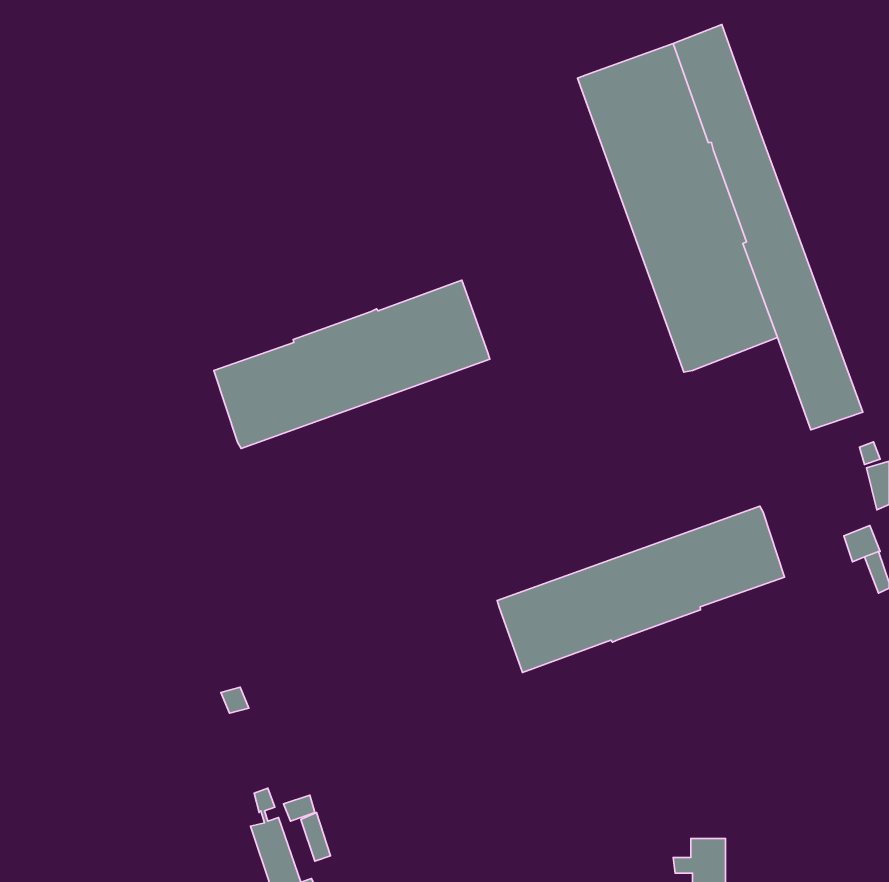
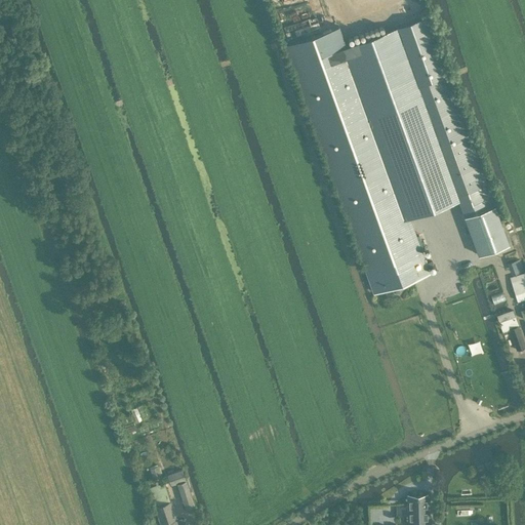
building: none -> [288,34,428,295]
building: [214,280,490,449] -> none
building: [497,506,784,672] -> none

